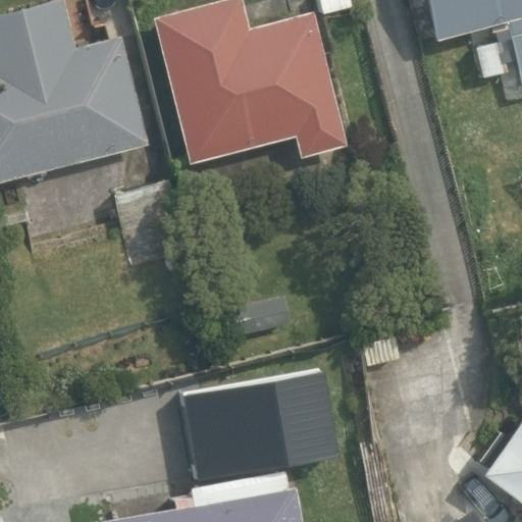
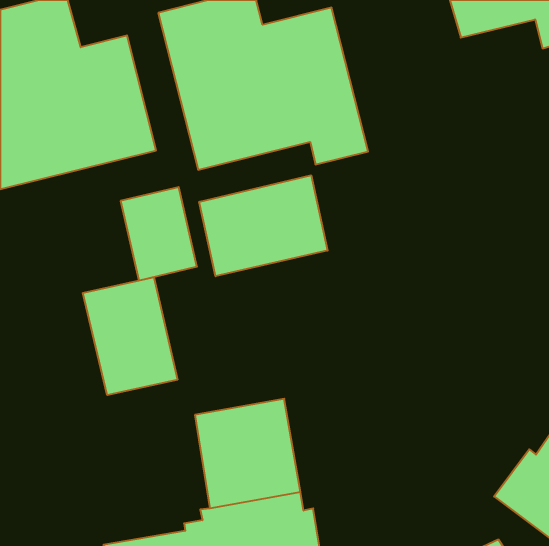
building: none -> [199,175,328,276]
building: none -> [83,277,177,395]

